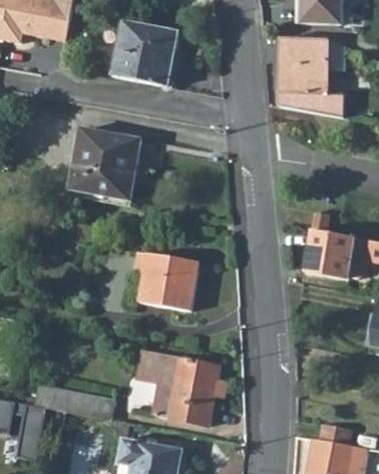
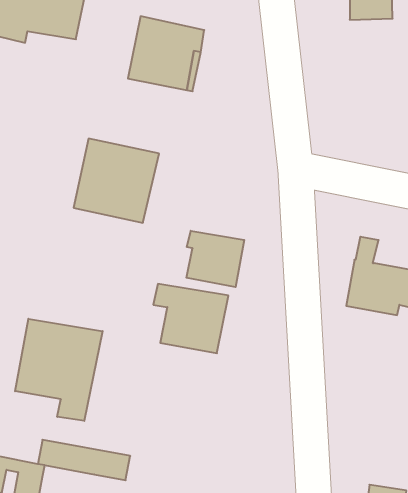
building: [284,38,344,115] -> none
building: none -> [186,231,244,287]
building: none -> [15,319,103,421]
building: [136,353,231,429] -> none

